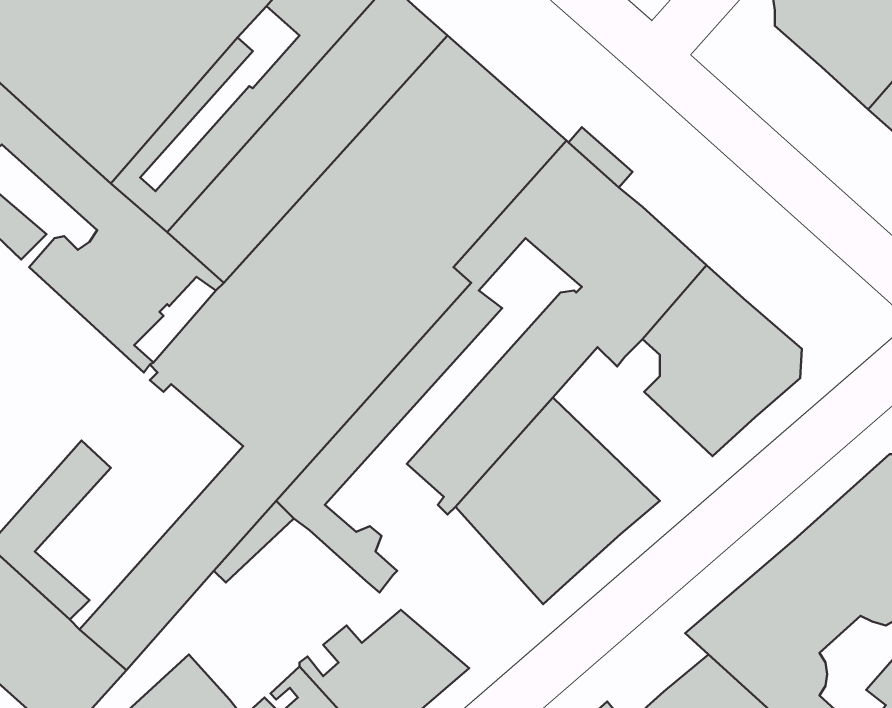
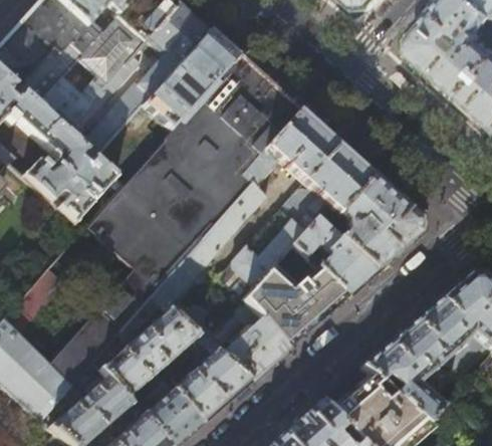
building: none -> [293,219,376,298]
building: none -> [204,301,288,385]
building: none -> [99,313,197,401]

